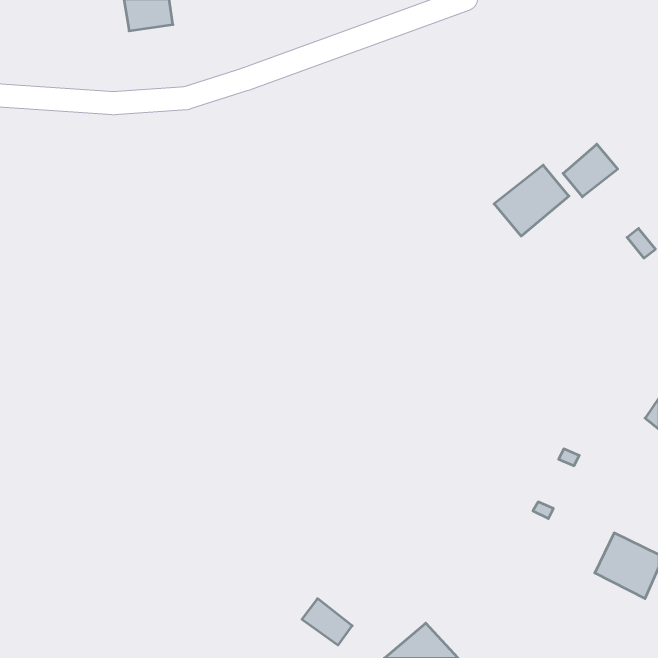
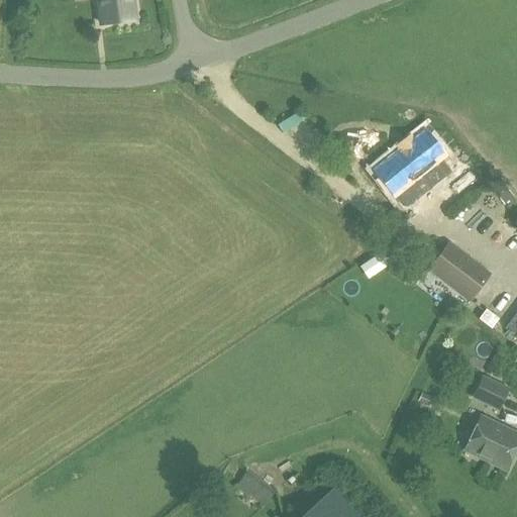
building: [563,144,618,197] -> none
building: none -> [430,243,490,299]
building: none -> [473,374,511,410]

